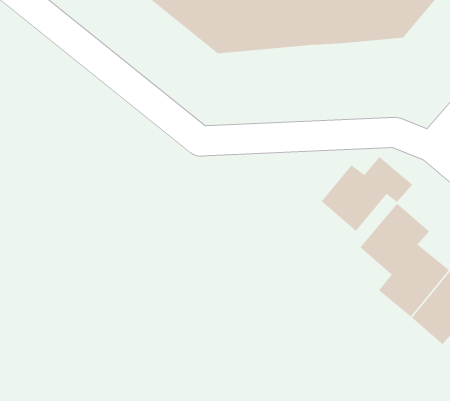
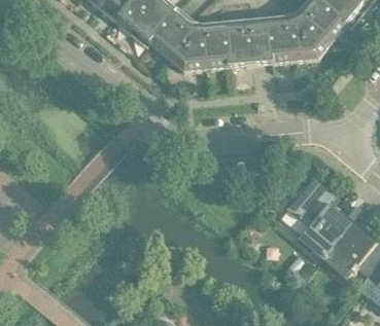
building: [321,156,413,232] -> none

